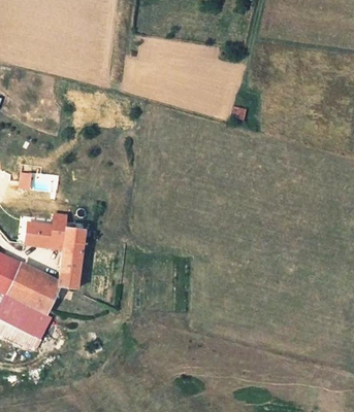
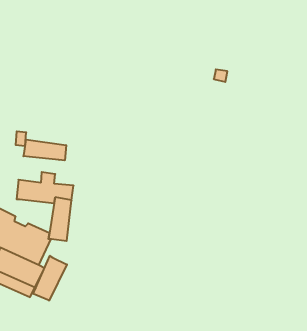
building: none -> [23,139,66,160]
building: none -> [33,256,67,301]

